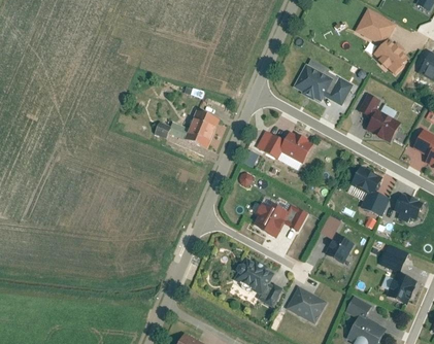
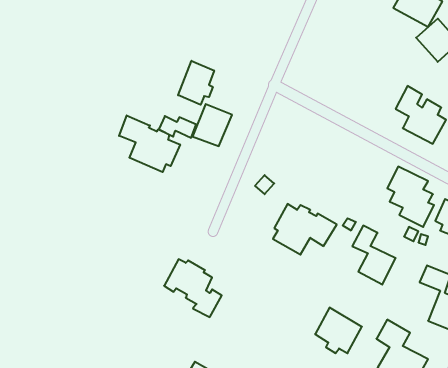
building: [295,57,355,104] -> none
building: none -> [178,61,214,105]
building: none -> [119,115,180,172]
building: [252,130,311,164] -> none
building: [235,256,285,306] -> [164,259,222,317]

